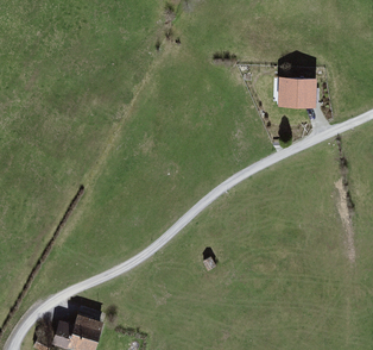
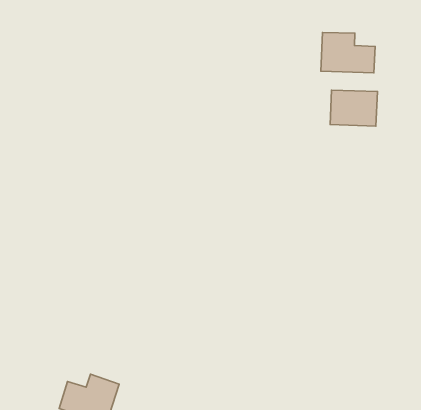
building: none -> [321,33,375,73]

